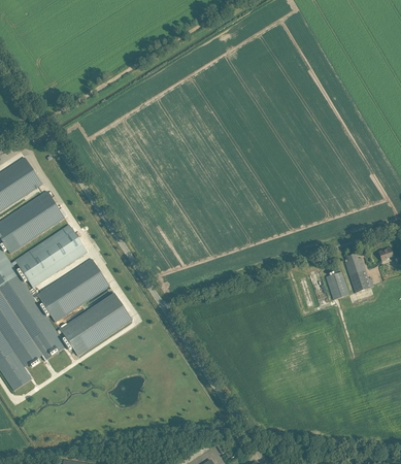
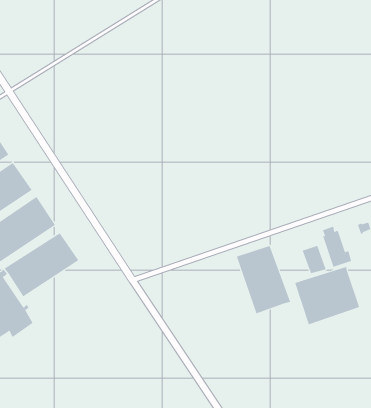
building: none -> [236,245,291,314]
building: none -> [294,266,360,325]
building: [59,292,131,356] -> none

